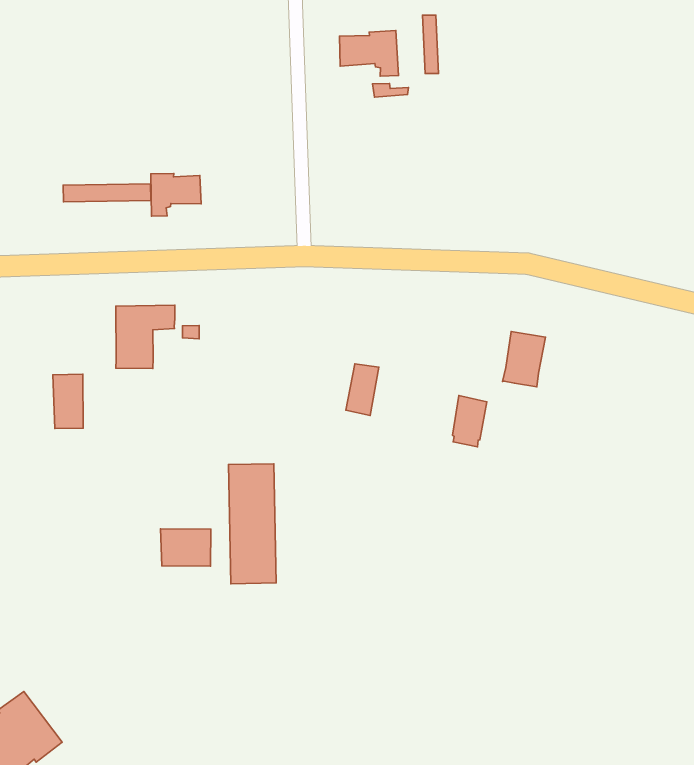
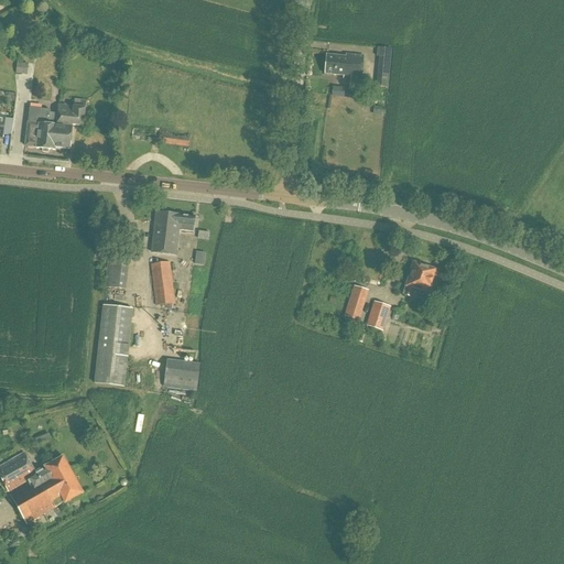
building: [151,174,201,216] -> none
building: [346,364,379,416] -> [344,284,369,319]
building: none -> [151,261,174,304]
building: [229,464,276,584] -> [94,304,132,386]

